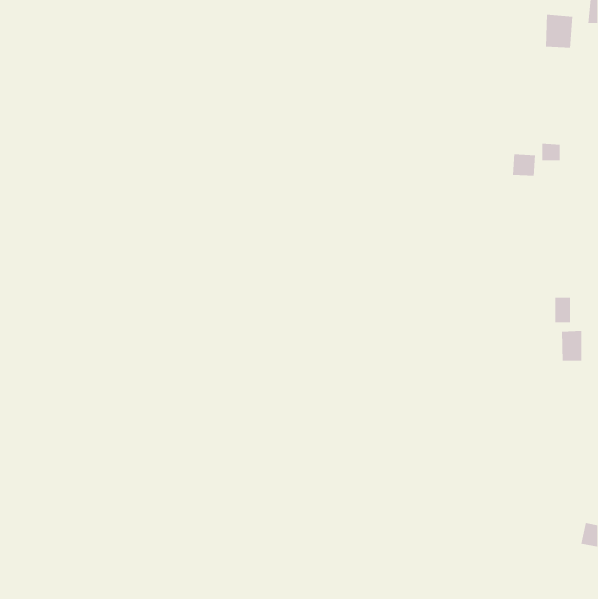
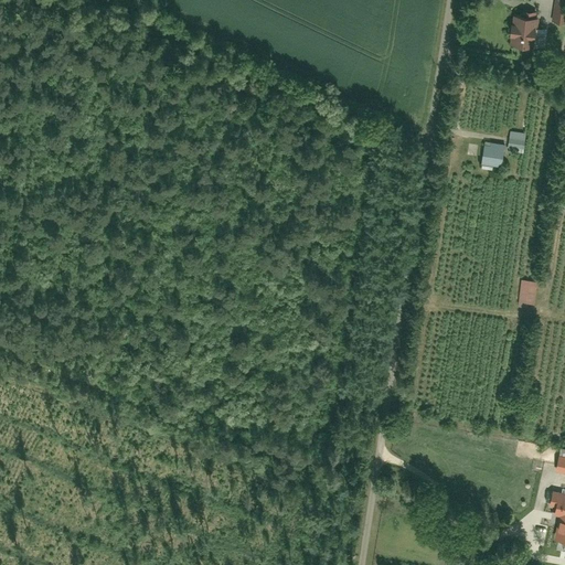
building: [562,330,582,361] -> none

